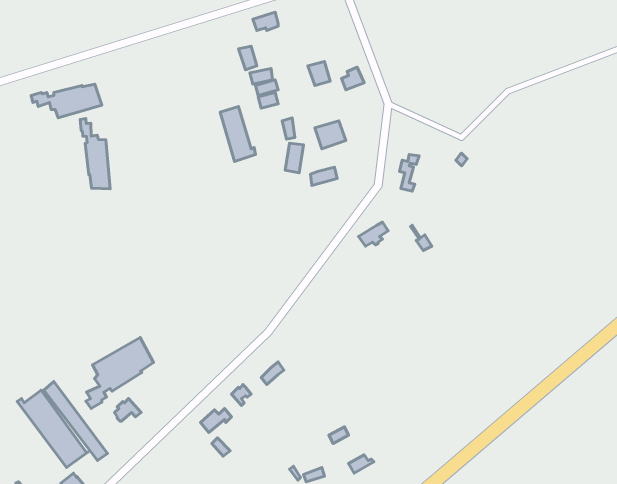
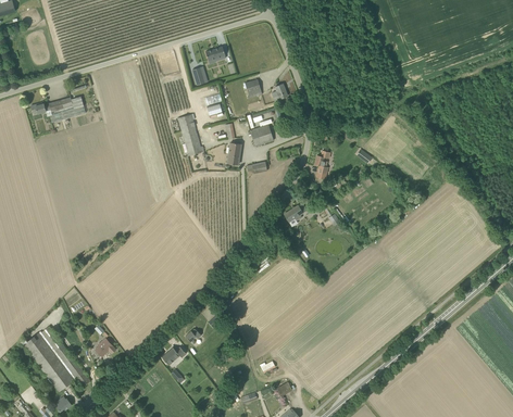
building: [80,119,110,189] -> none
building: [86,338,154,409] -> none

